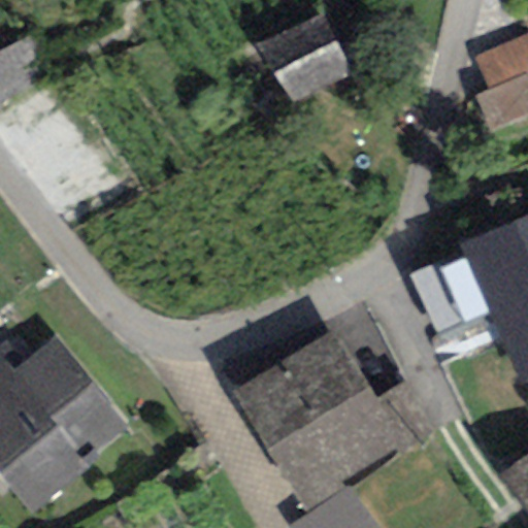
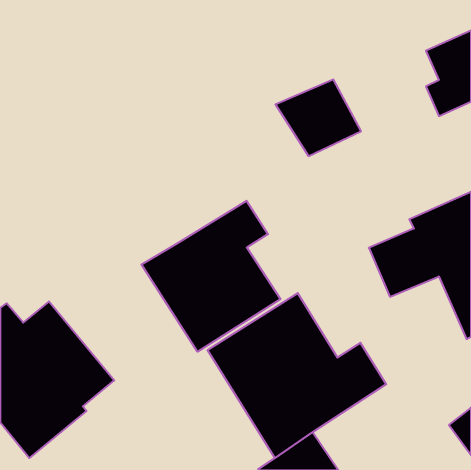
building: [256,16,352,102] -> [275,80,361,156]
building: none -> [141,201,280,352]

